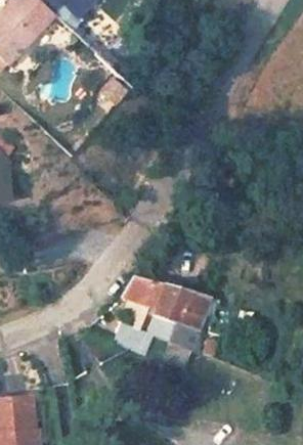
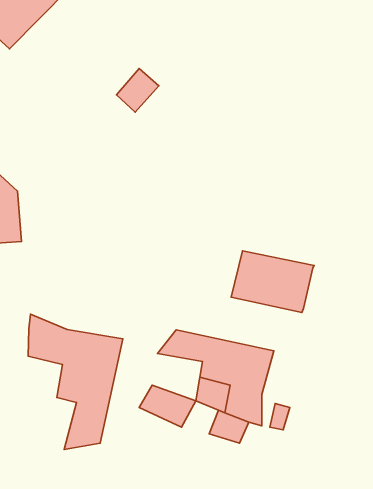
building: none -> [231,251,314,312]
building: none -> [28,314,123,450]

